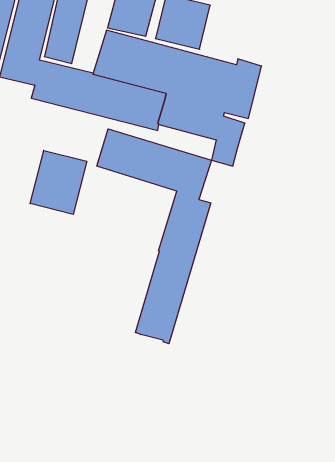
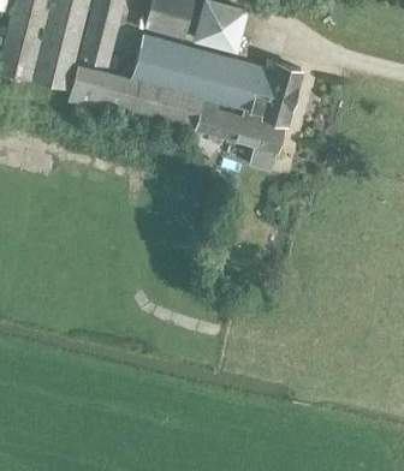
building: [97,129,211,344] -> none
building: [30,150,87,214] -> none

